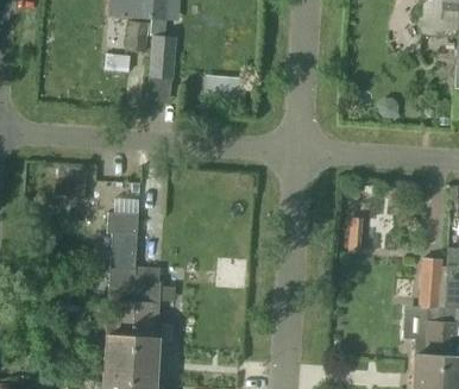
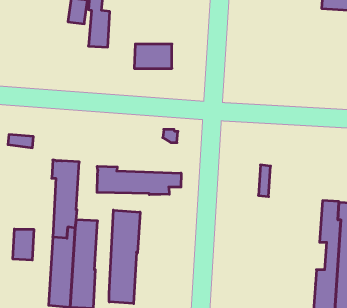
building: none -> [97,166,181,195]
building: none -> [109,210,140,304]
building: none -> [13,229,34,260]

